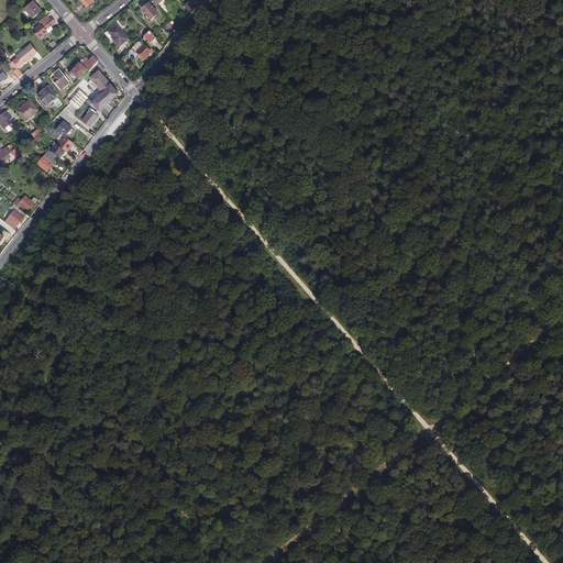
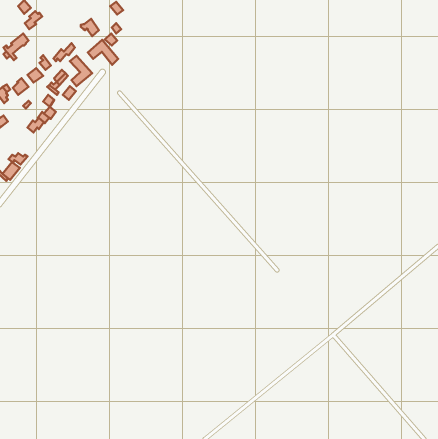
building: none -> [88,40,118,65]

